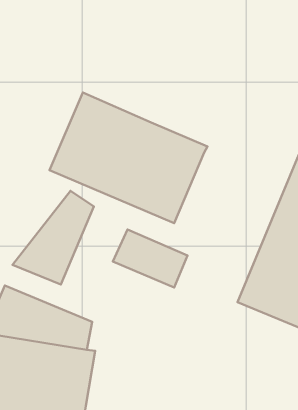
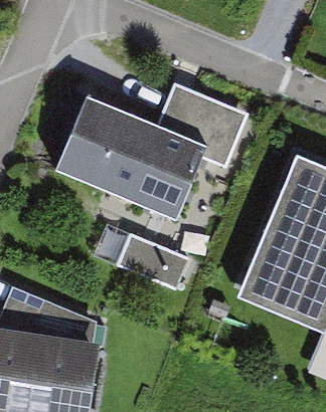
building: none -> [154,77,249,163]
building: [13,191,94,285] -> none

